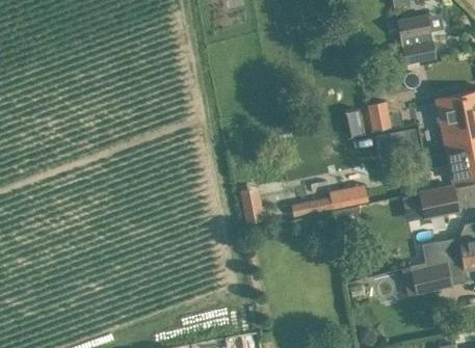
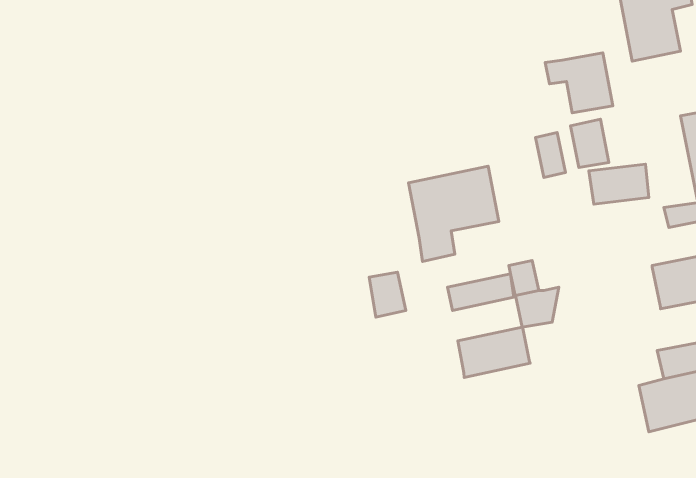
building: none -> [545,53,613,113]
building: none -> [408,166,499,261]
building: none -> [458,327,530,377]

